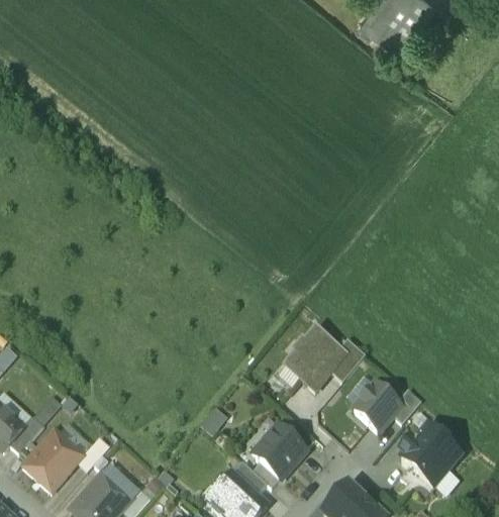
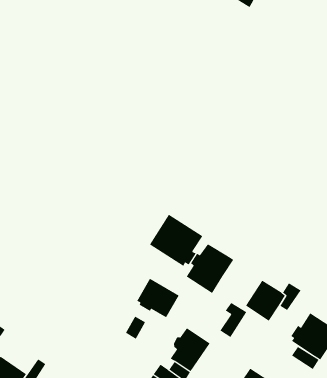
building: none -> [149,214,203,267]
building: [329,336,365,379] -> [220,302,247,338]
building: none -> [137,278,179,318]

